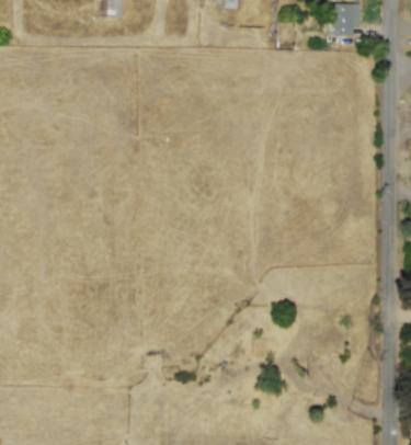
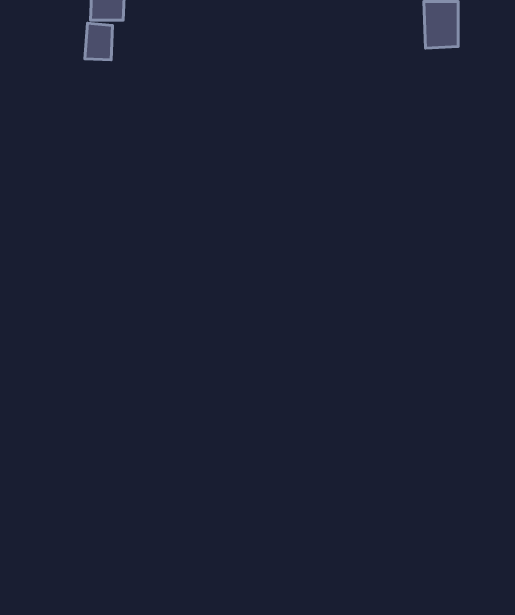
building: none -> [85,23,112,60]

